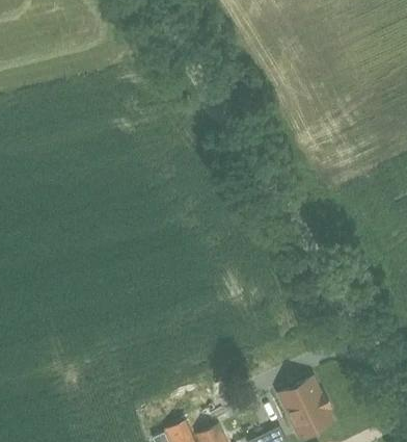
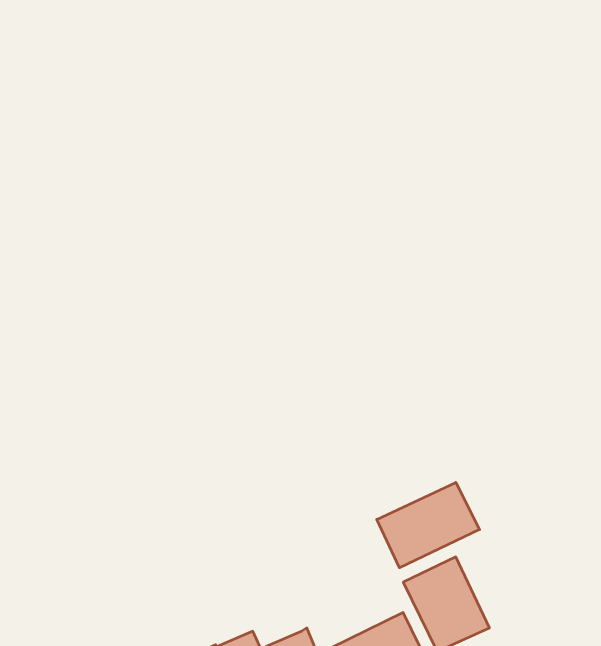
building: none -> [377,482,480,568]

